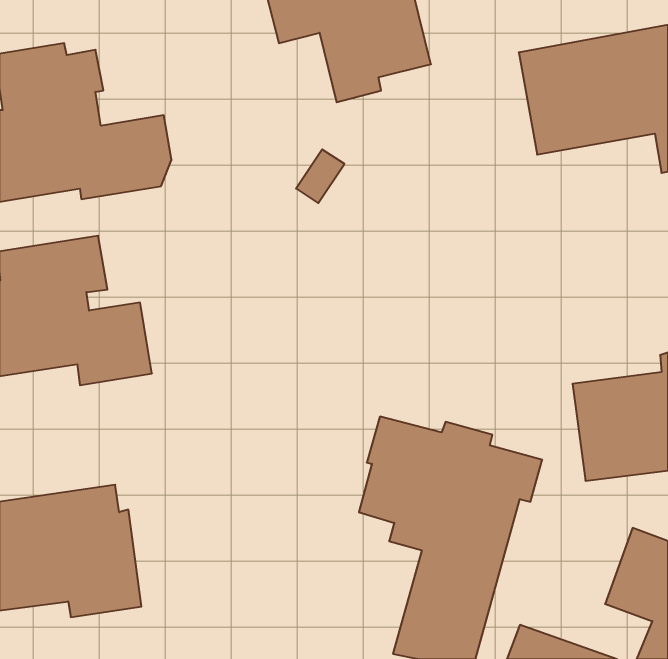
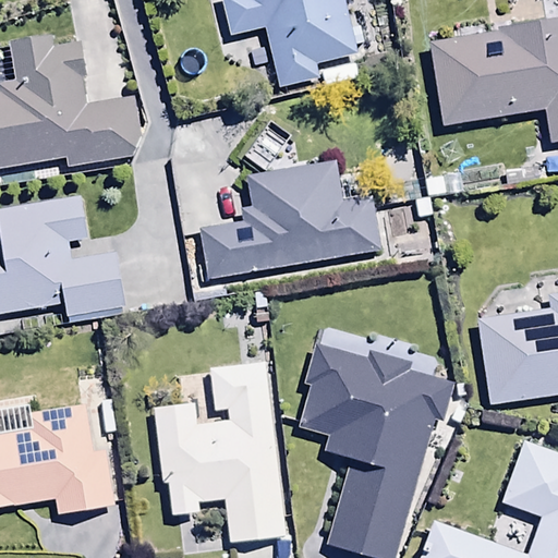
building: none -> [201,161,381,279]
building: none -> [155,362,287,543]

